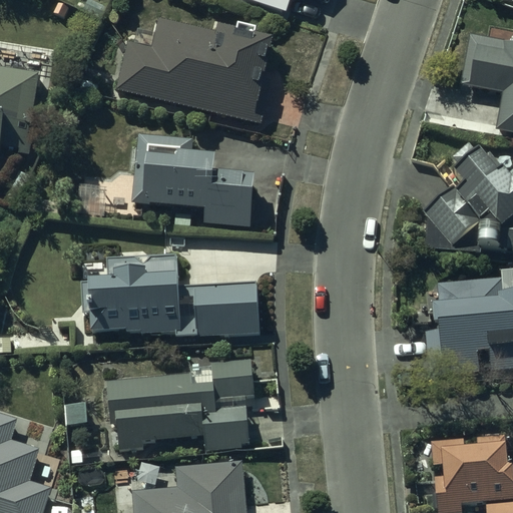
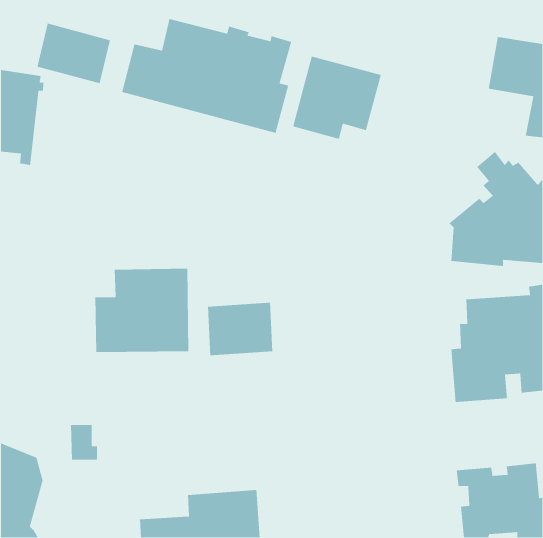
building: none -> [37,23,111,84]
building: none -> [292,55,382,140]
building: [132,133,256,226] -> none
building: [107,359,253,450] -> none

